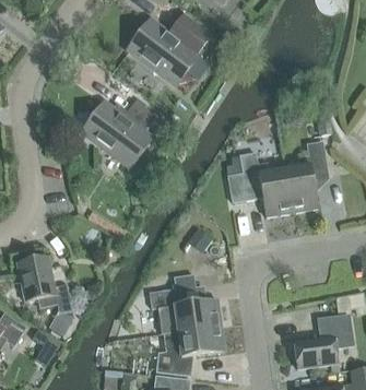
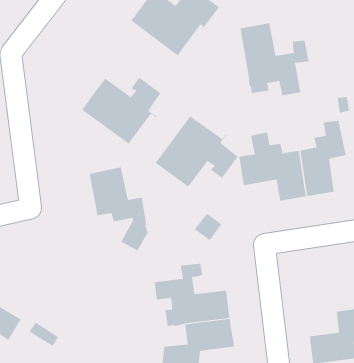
building: none -> [240,22,309,96]
building: none -> [155,110,238,187]
building: [17,256,73,334] -> [89,167,148,251]

